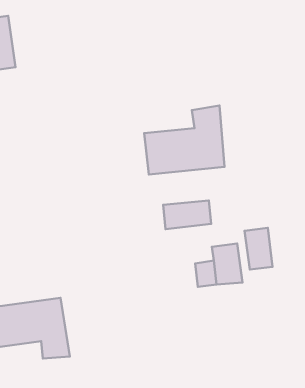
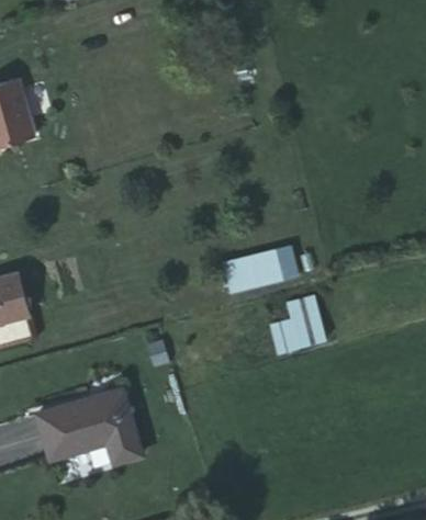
building: [144,106,224,174] -> none
building: [245,228,272,270] -> none

